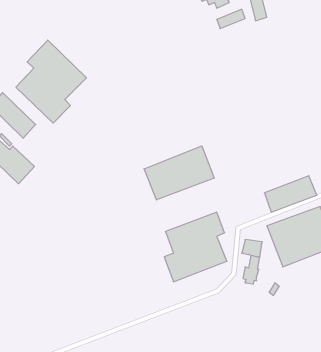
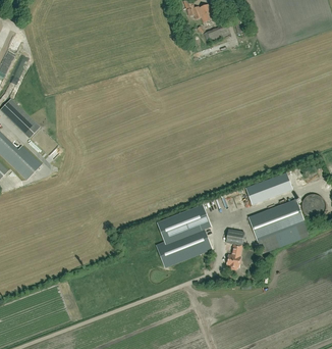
building: [16,40,87,123] -> none
building: [144,146,214,200] -> none

